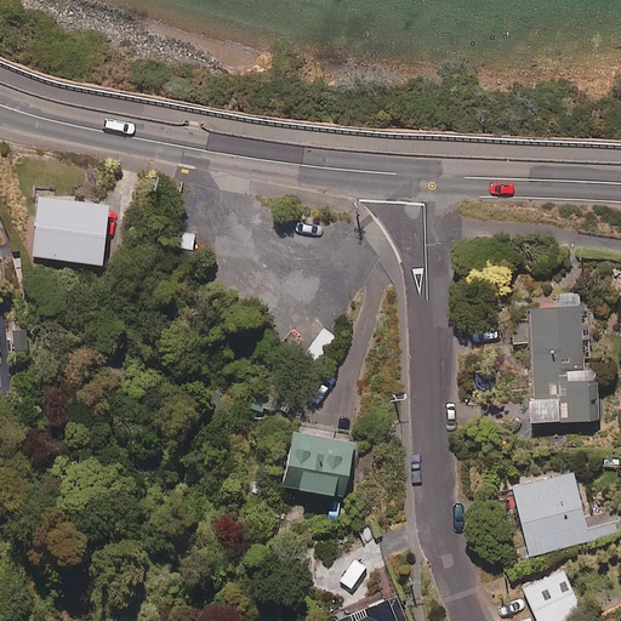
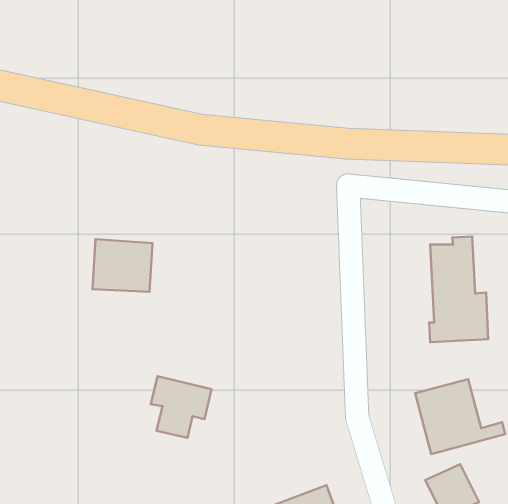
building: [36,199,109,263] -> [93,239,153,292]
building: [290,421,364,496] -> [151,376,212,438]

